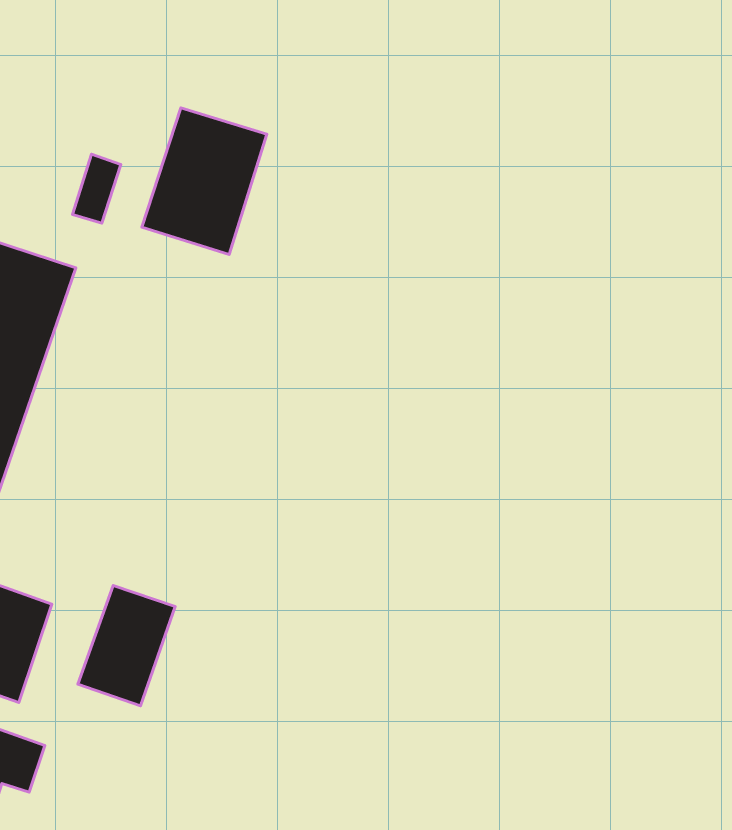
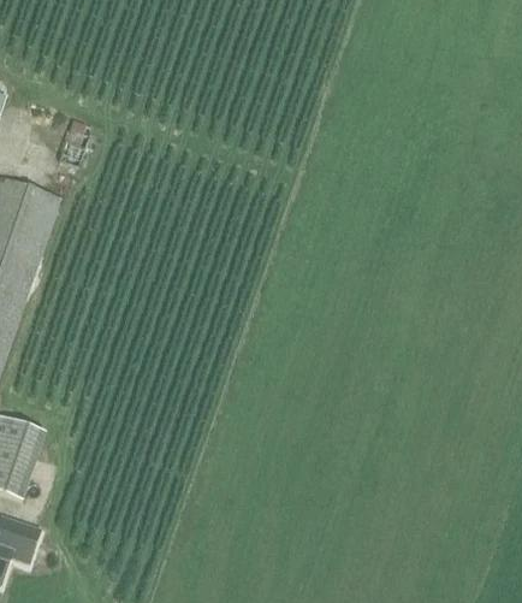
building: [142,108,267,254] -> none
building: [78,586,175,706] -> none

